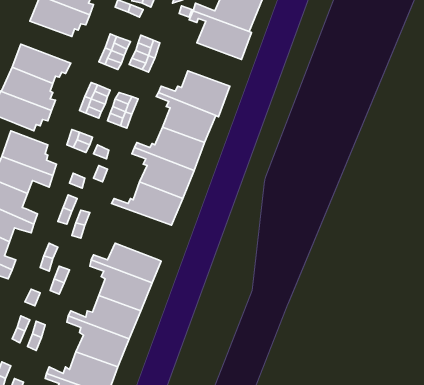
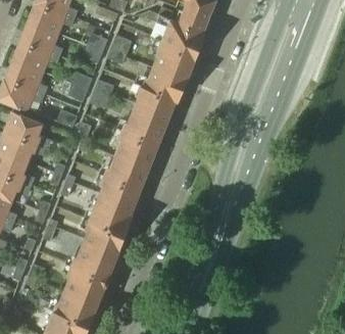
building: none -> [21,23,64,57]
building: none -> [148,36,198,76]
building: none -> [92,170,142,214]

